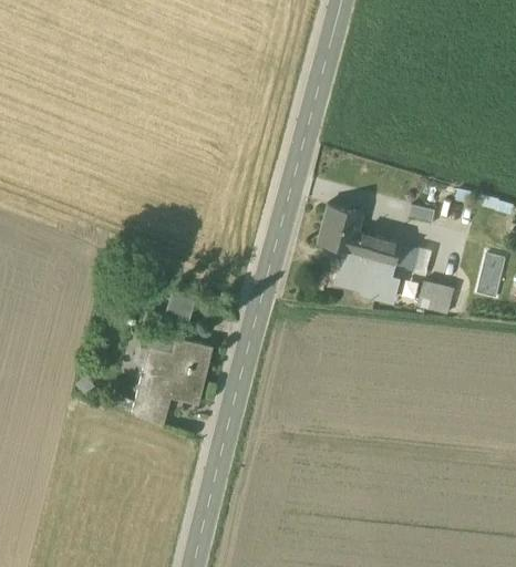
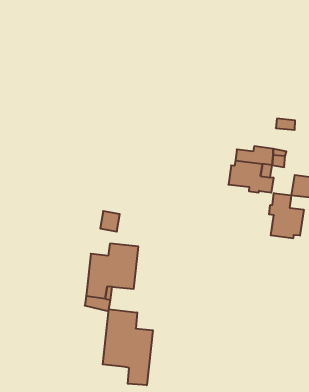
building: [318,204,362,252] -> none
building: none -> [269,193,304,238]
building: none -> [103,309,153,385]

